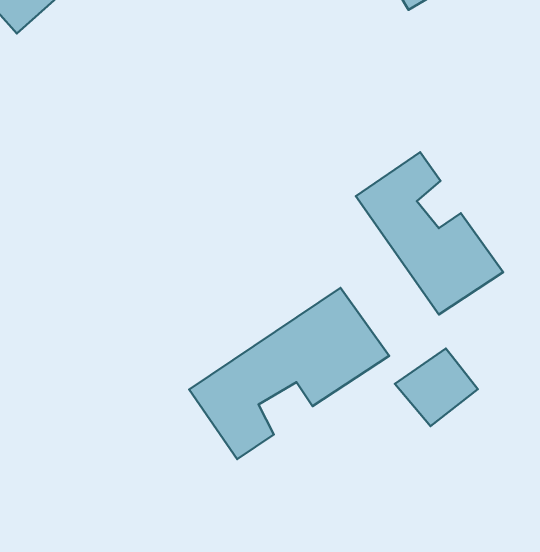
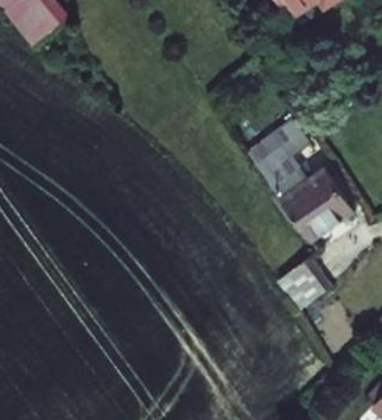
building: [189,288,389,459] -> none

